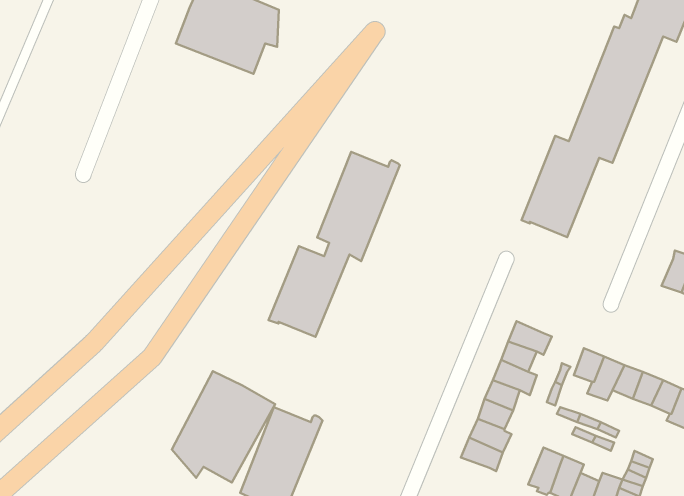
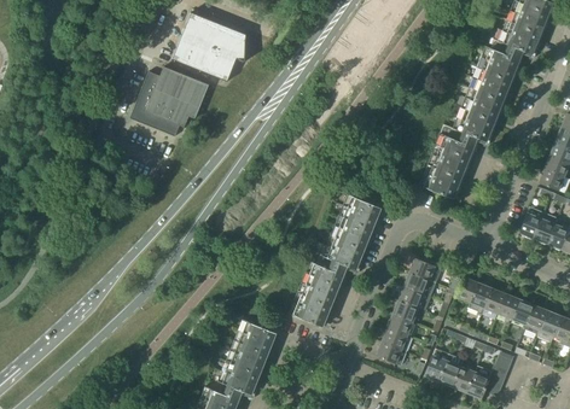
building: none -> [130,66,209,136]
building: [268,152,400,337] -> [289,194,383,327]
building: [172,371,275,483] -> none

